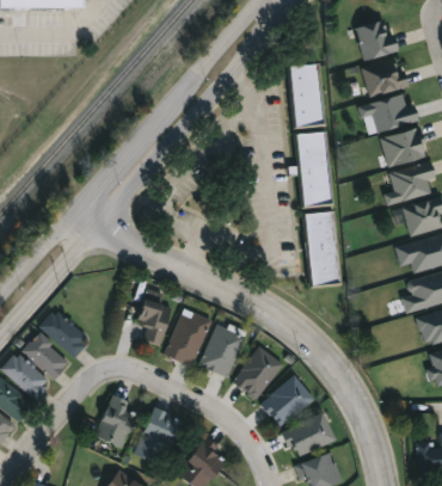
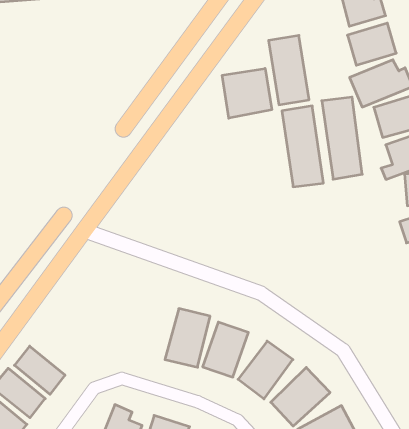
building: none -> [222,68,272,118]
building: [300,210,332,285] -> [322,97,362,179]
building: [137,295,176,346] -> none
building: [41,308,90,357] -> none

